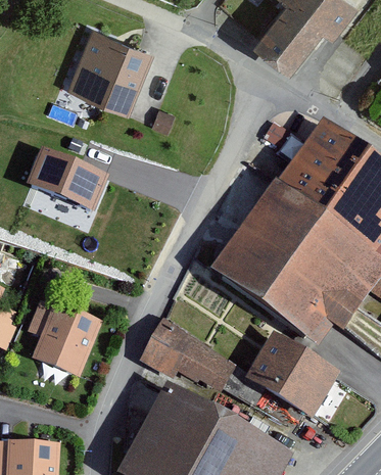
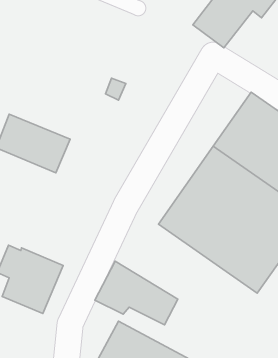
building: [64,25,152,111] -> none
building: [243,334,338,421] -> none

